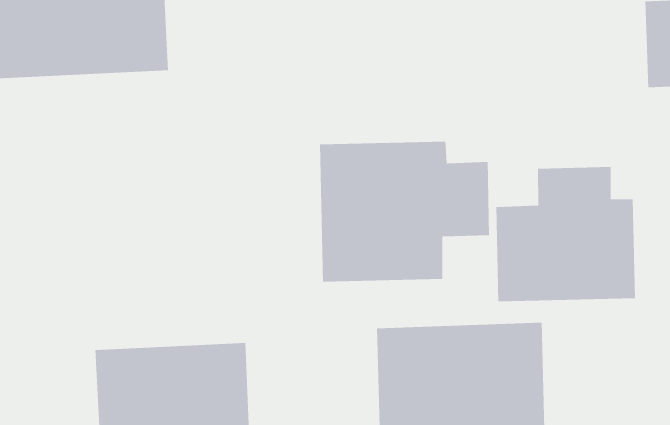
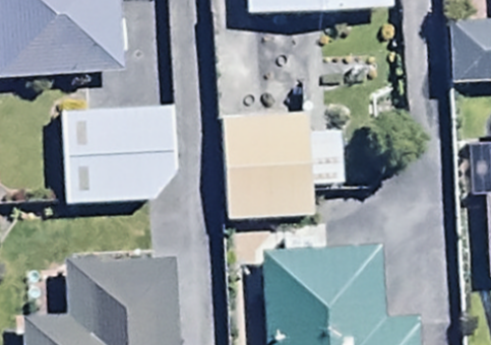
building: none -> [64,110,180,204]
building: [495,166,636,302] -> none

